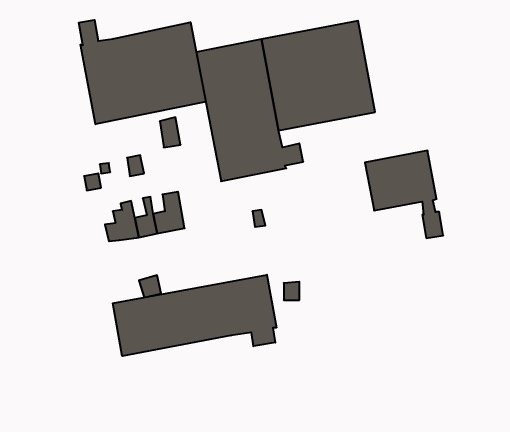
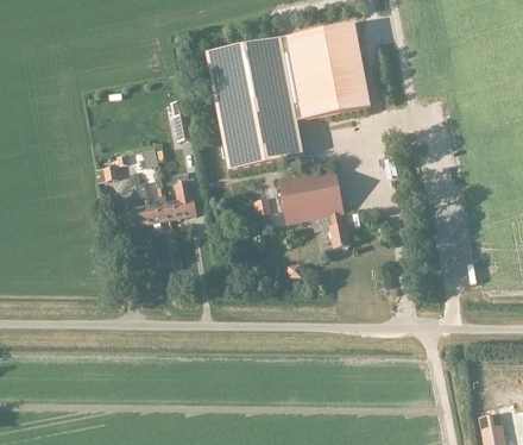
building: [79,20,206,124] -> none
building: [365,151,443,238] -> [278,167,349,246]
building: [113,275,276,356] -> none

